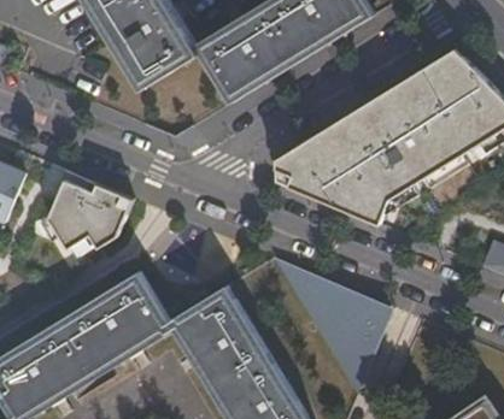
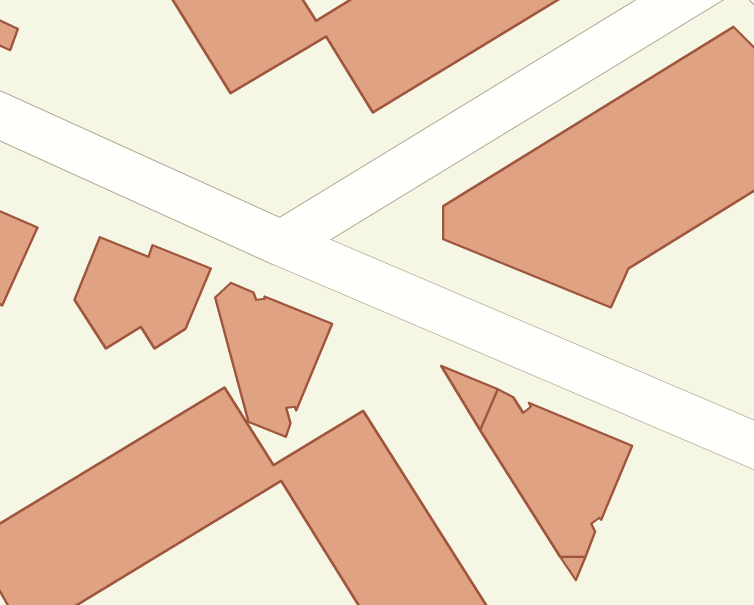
building: none -> [215,283,332,437]

